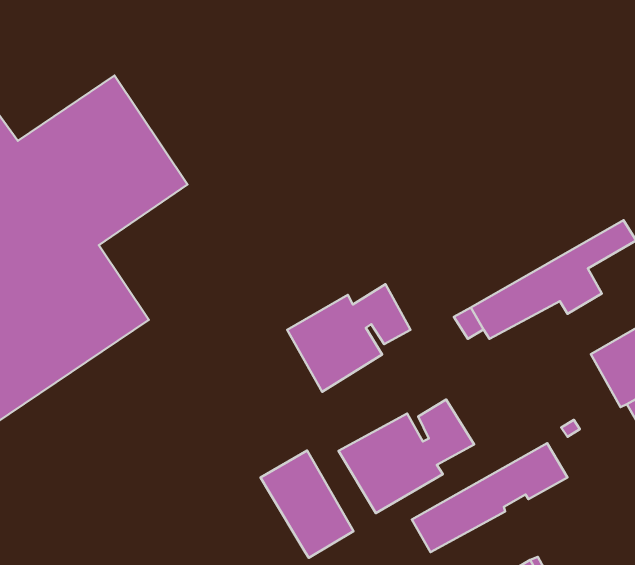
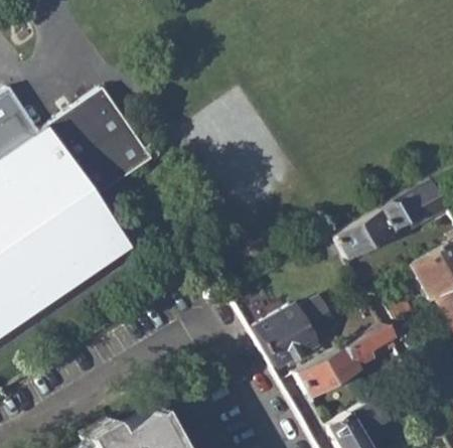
building: [287,284,410,392] -> none
building: [261,450,354,558] -> none

